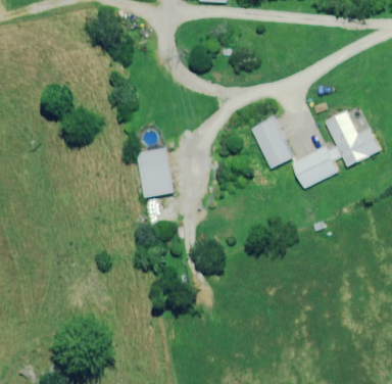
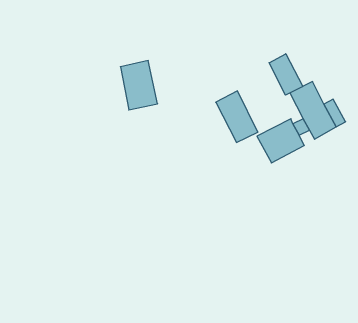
building: none -> [269,54,303,95]
building: [137,148,174,197] -> [120,61,158,110]

